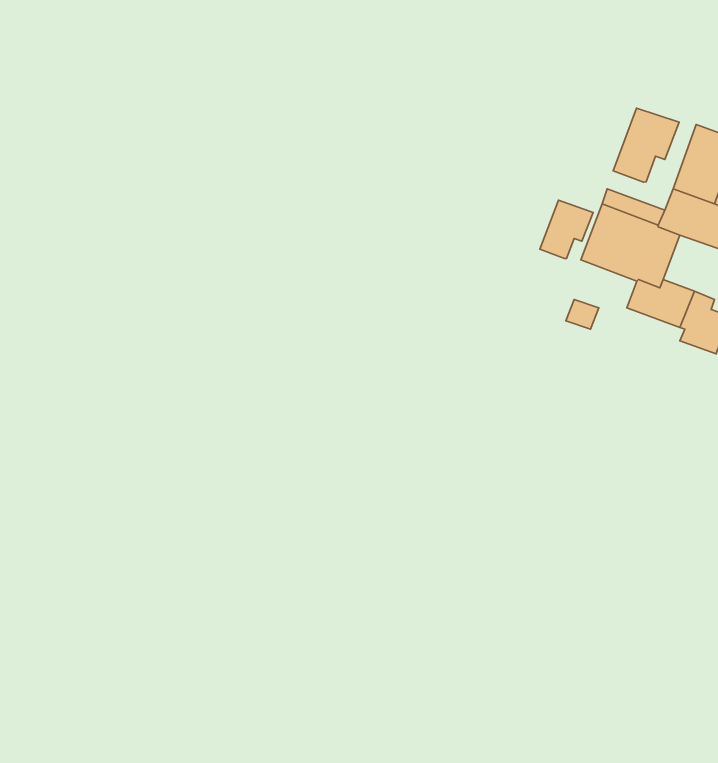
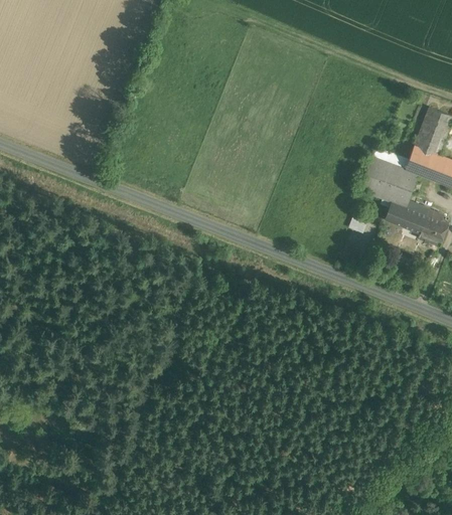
building: [613,108,679,182] -> none
building: [540,200,593,258] -> none

